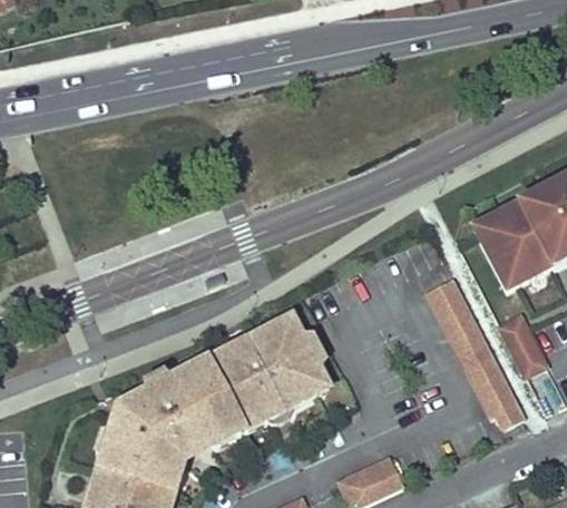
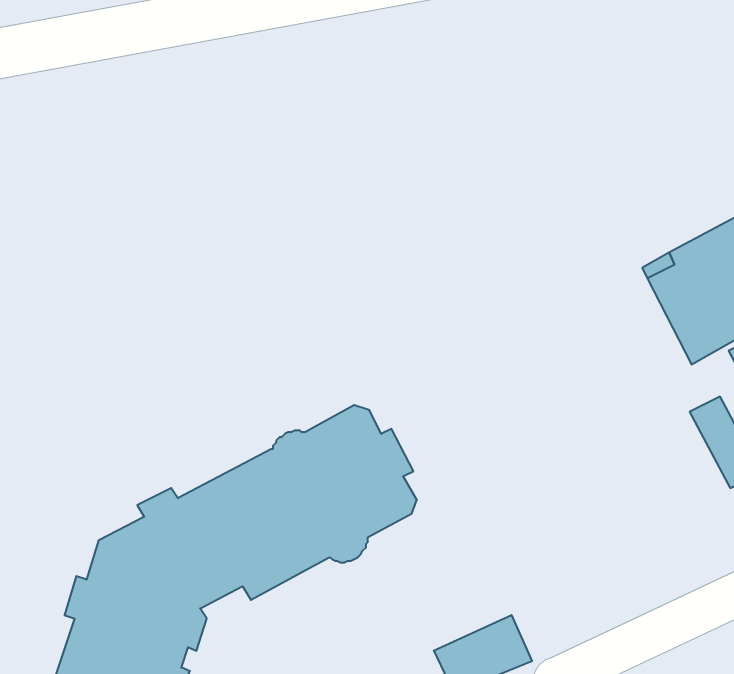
building: [424,277,524,429] -> none

